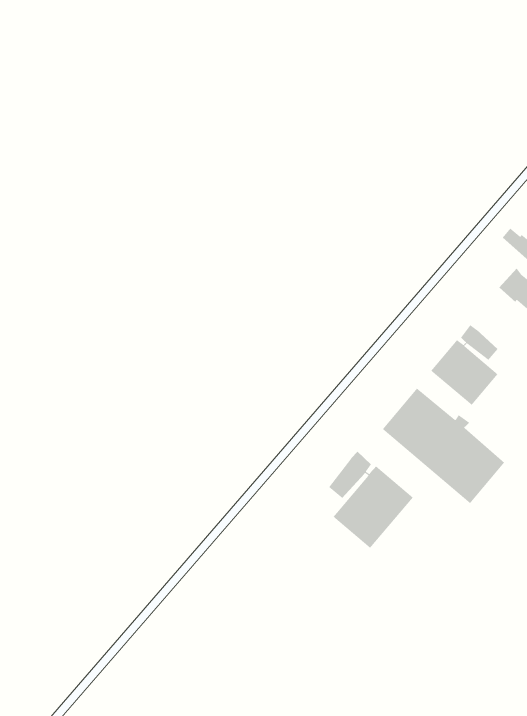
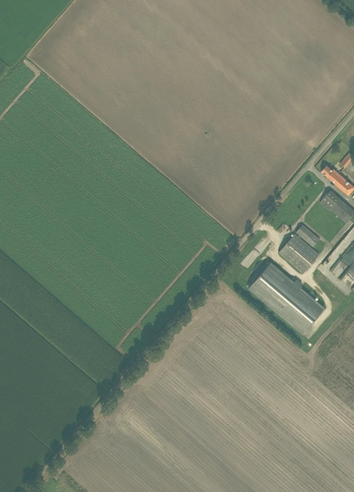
building: [328,451,414,549] -> none

